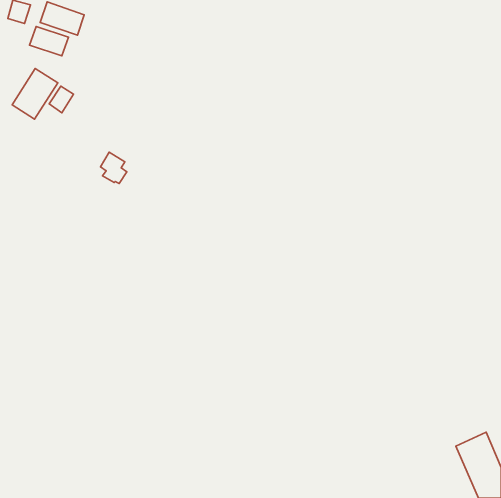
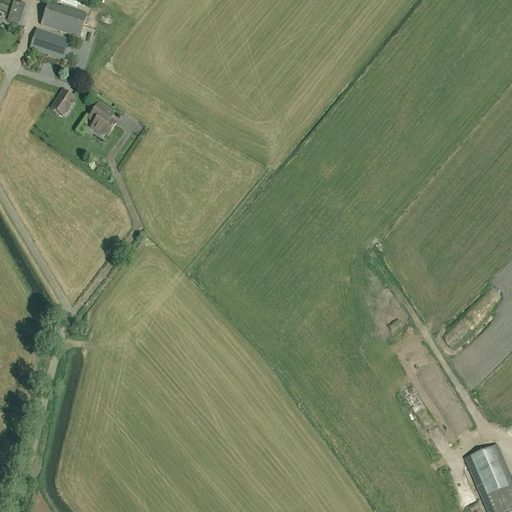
building: [12,68,58,119] -> none
building: [100,152,127,184] -> [89,101,116,133]

